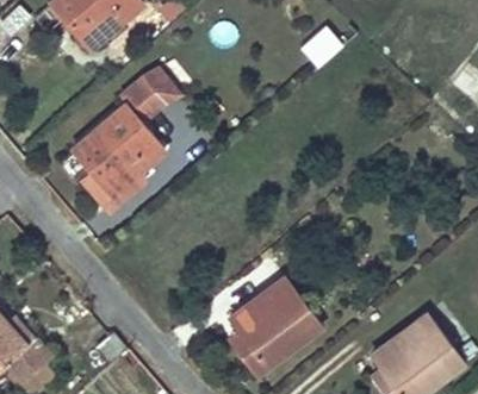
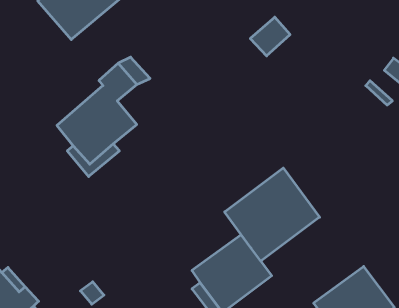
building: none -> [225,168,320,261]

